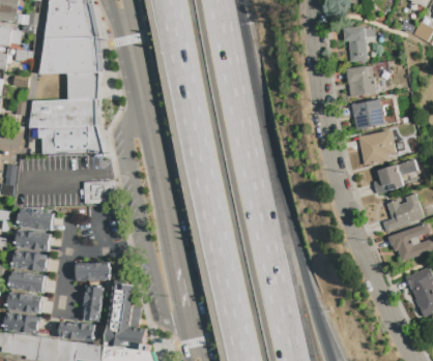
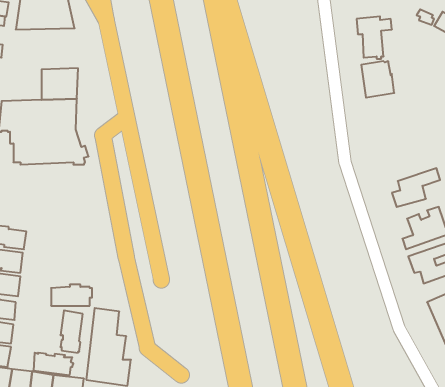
building: [38,36,98,73] -> none
building: [353,98,399,129] -> none
building: [360,130,398,164] -> none
building: [83,181,113,204] -> none

